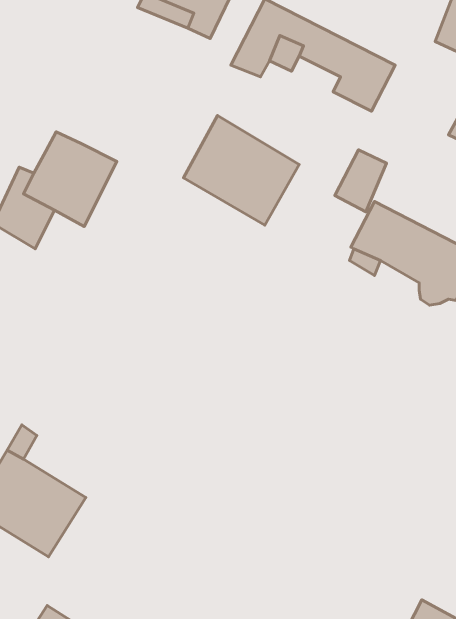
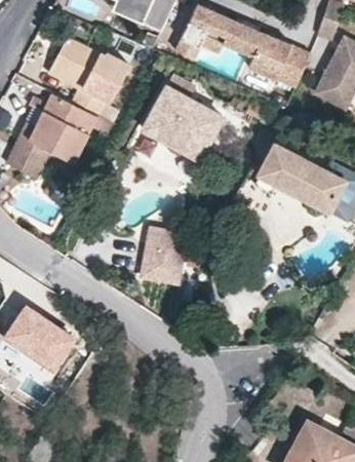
building: none -> [47,38,127,115]
building: [335,150,387,212] -> [272,48,308,91]
building: none -> [140,229,183,280]

